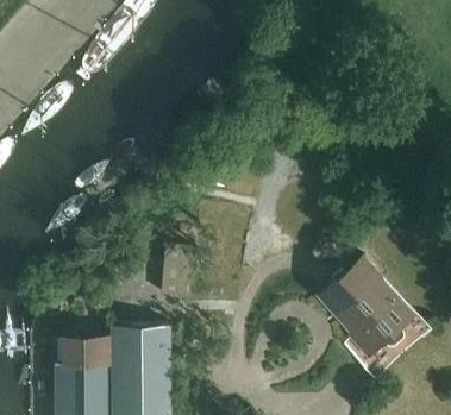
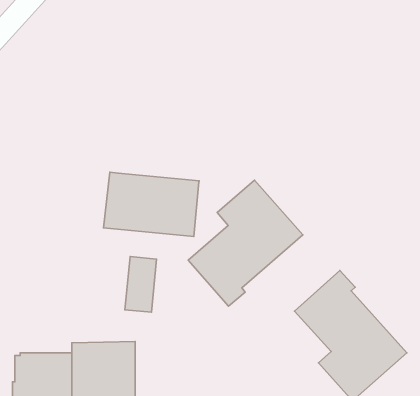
building: none -> [103,172,199,237]
building: none -> [188,180,303,306]

